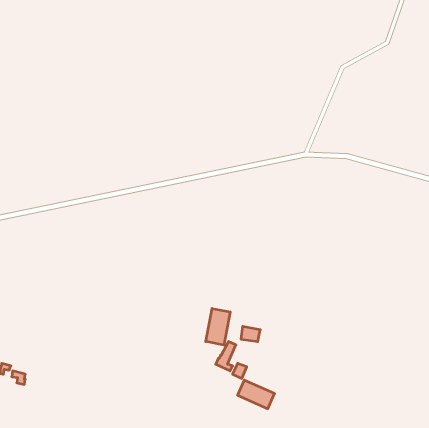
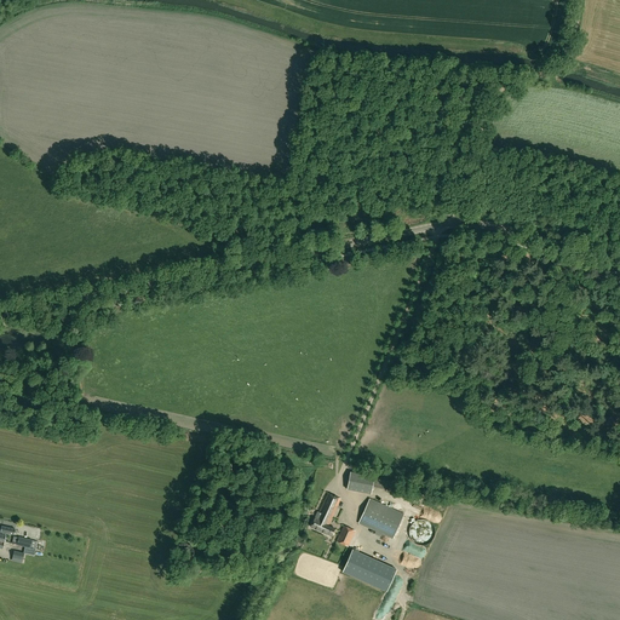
building: [206,308,230,345] -> none
building: none -> [360,498,404,538]

